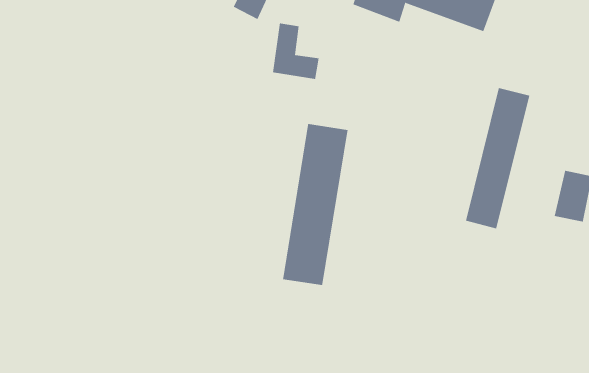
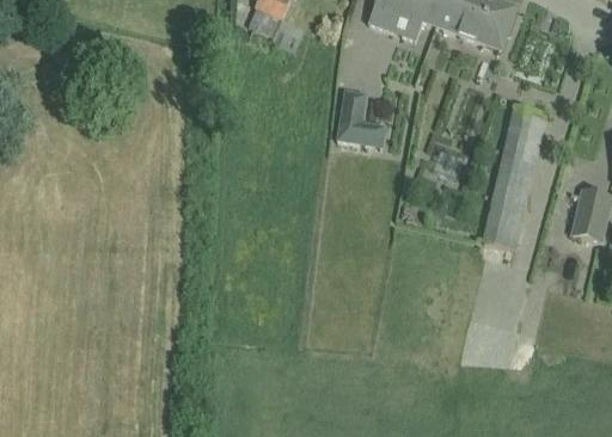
building: [272,23,320,80] -> [337,90,385,147]
building: [282,123,348,286] -> none

